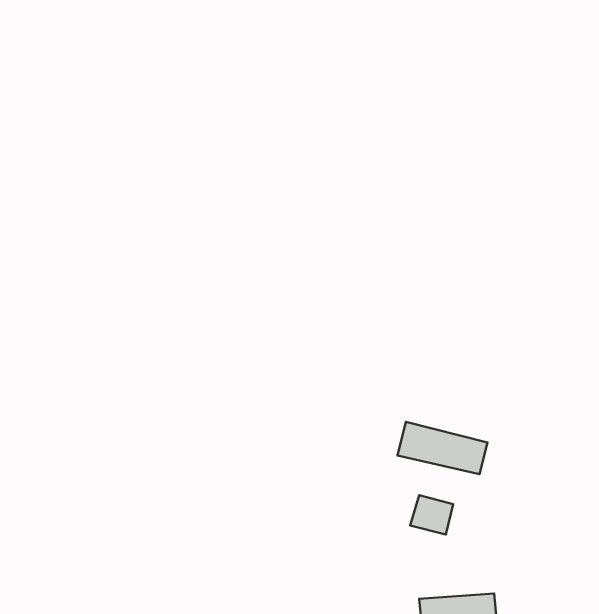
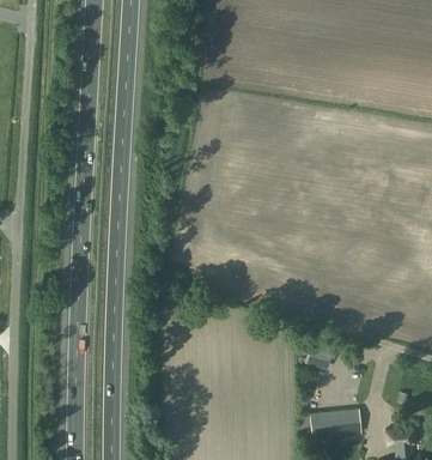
building: [397,422,488,474] -> none

